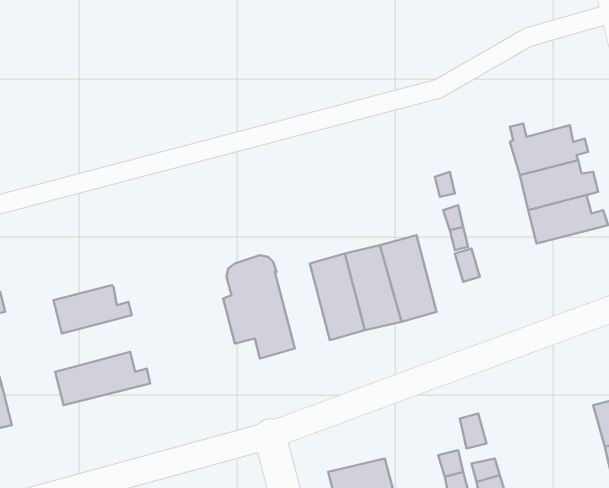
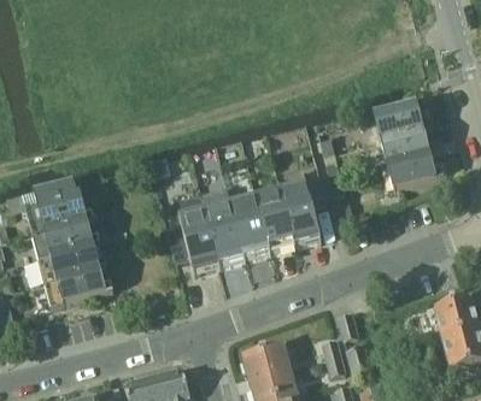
building: none -> [22,178,94,232]
building: none -> [204,202,244,264]
building: none -> [39,240,107,281]

